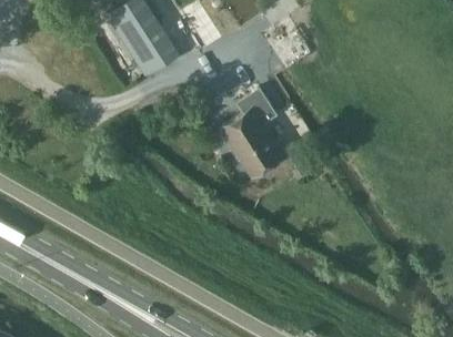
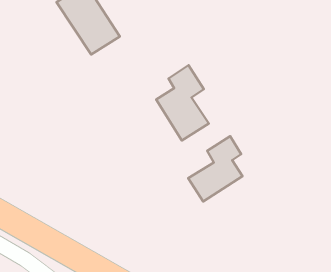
building: none -> [188,136,243,202]

